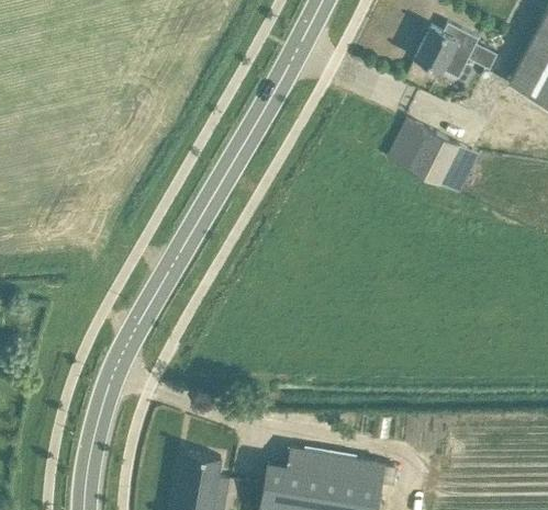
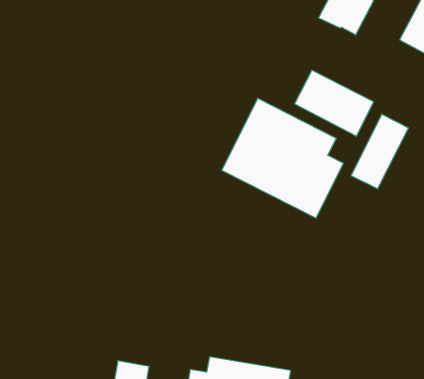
building: none -> [222,98,343,218]
building: none -> [351,114,409,189]

